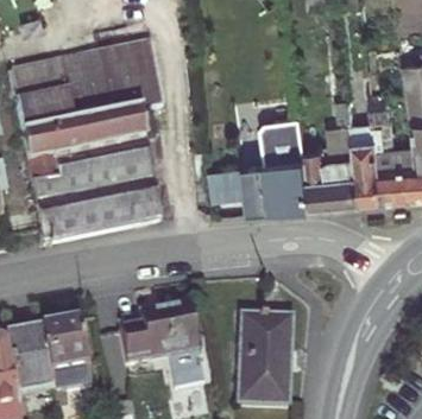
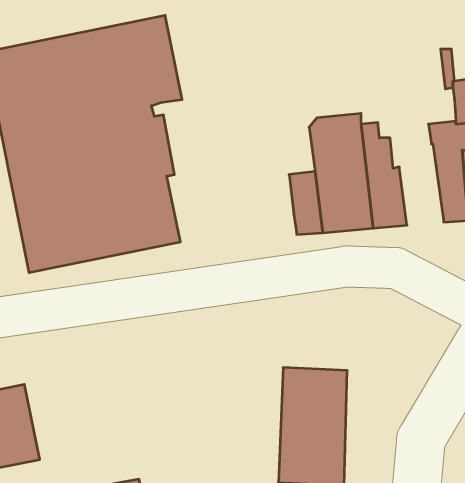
building: [327,99,365,203] -> none
building: [208,164,248,199] -> none
building: [118,305,202,387] -> none
building: [39,319,88,391] -> none

